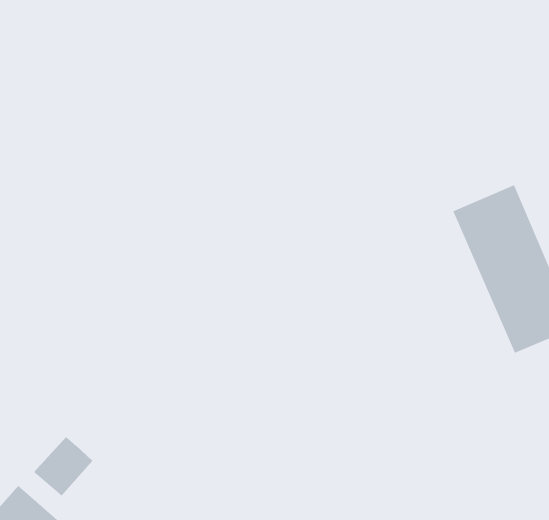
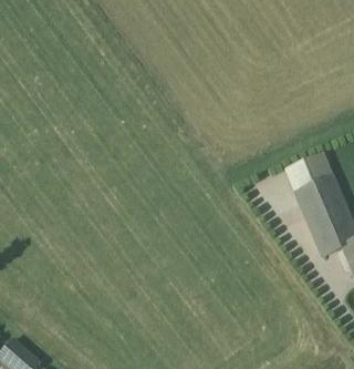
building: [33,436,93,497] -> none

